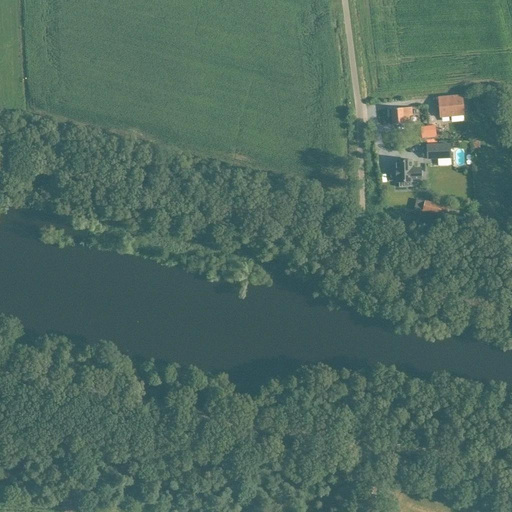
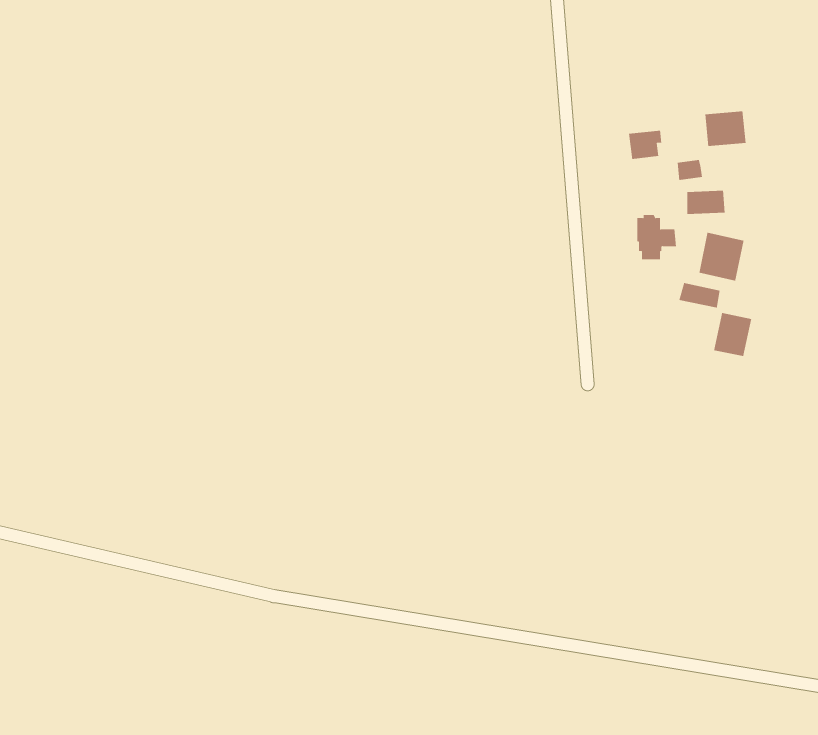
building: none -> [699,232,744,281]
building: none -> [713,312,752,357]

